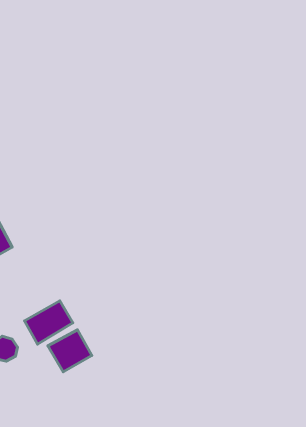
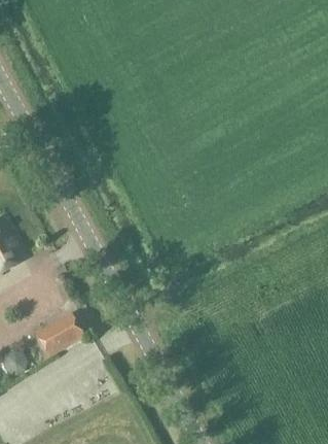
building: [48,330,92,372] -> none

